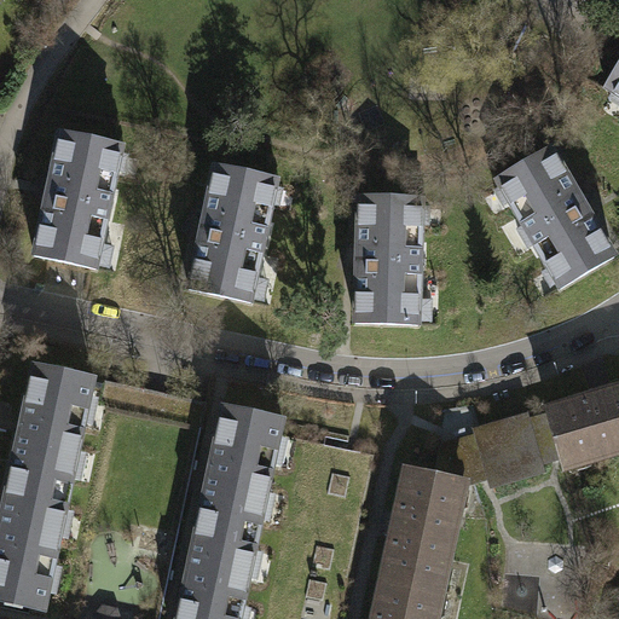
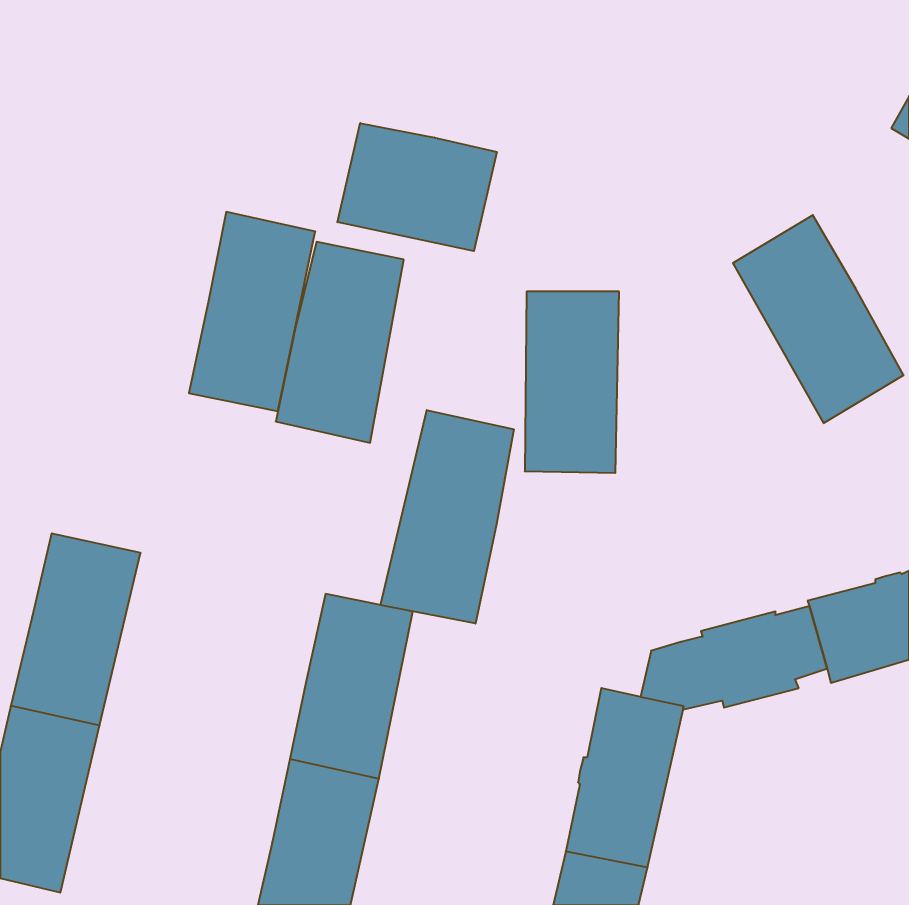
building: none -> [337,123,497,251]
building: [34,132,120,267] -> [189,212,315,411]
building: none -> [381,410,514,624]

